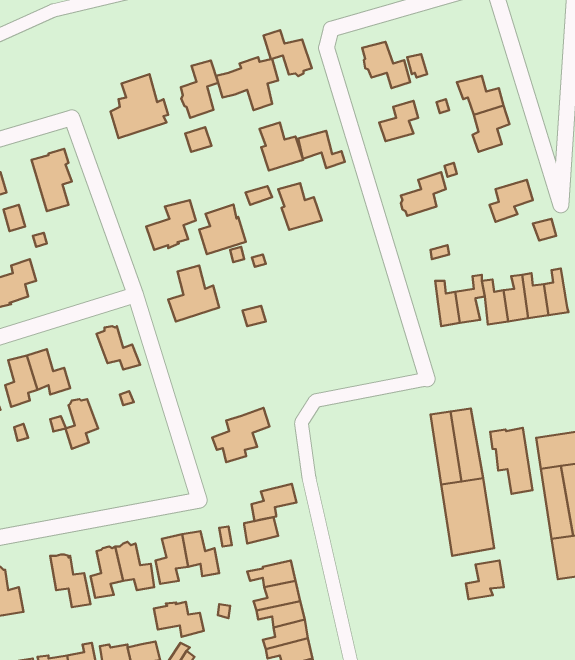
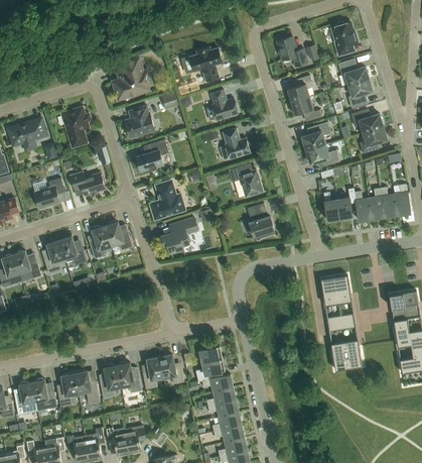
building: none -> [331,21,358,55]
building: [264,30,312,76] -> none
building: [181,60,218,118] -> none
building: [298,131,345,168] -> [291,96,321,120]
building: none -> [350,109,383,132]
building: [199,205,246,254] -> [124,105,154,137]
building: none -> [305,143,339,165]
building: none -> [228,165,262,196]
building: none -> [69,172,105,196]
building: none -> [247,203,274,236]
building: [66,399,98,449] -> [90,226,111,258]
building: [212,408,270,462] -> [160,217,197,252]
building: [490,428,533,494] -> none
building: [251,484,296,521] -> [195,357,225,381]
building: none -> [56,370,78,406]
building: [466,560,504,599] -> none
building: [154,602,204,637] -> none

